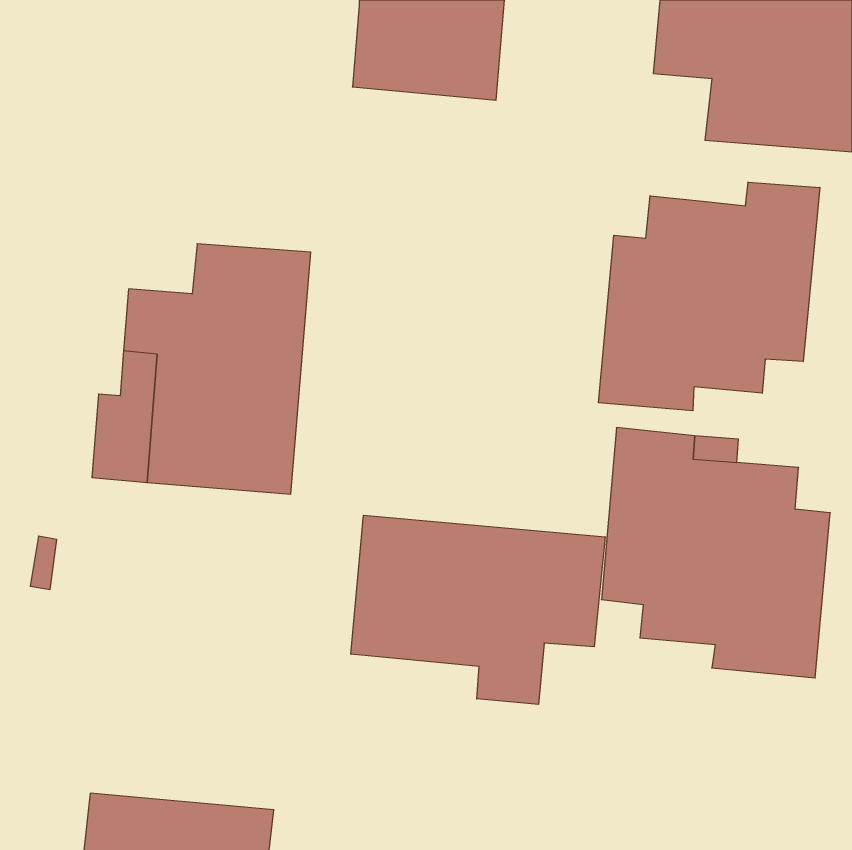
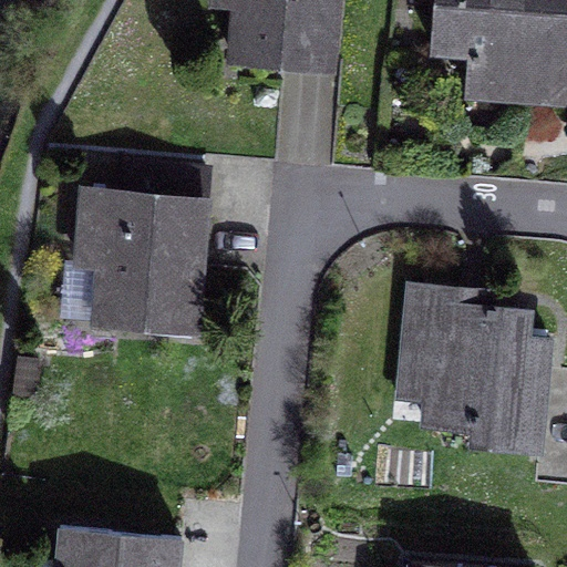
building: [599,182,820,411] -> none
building: [351,515,605,704] -> none

